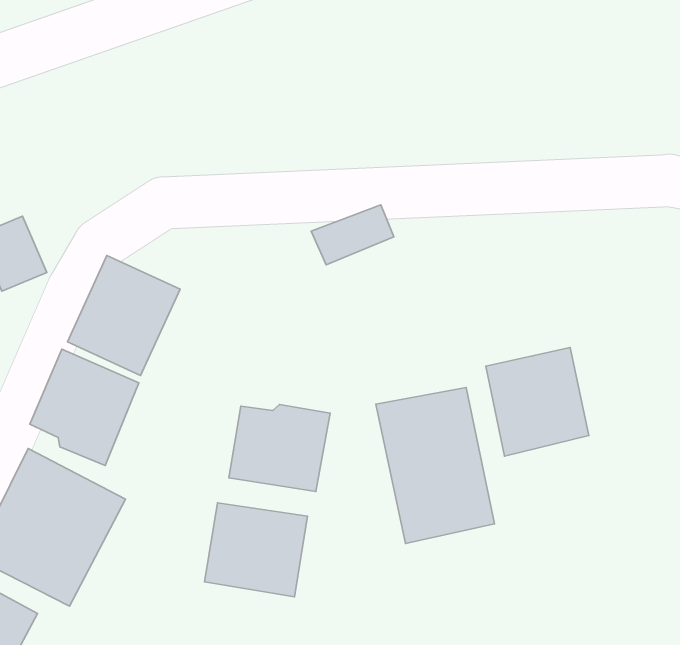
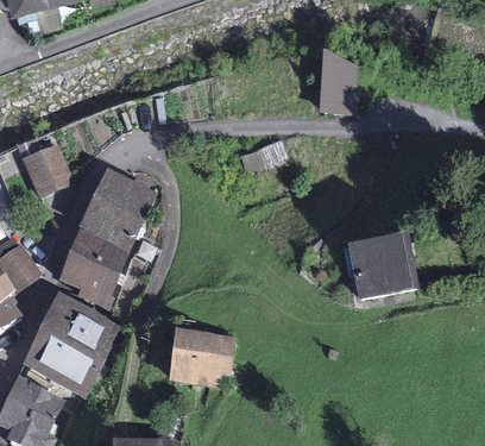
building: none -> [322,71,357,114]
building: [376,387,495,544] -> none
building: [229,404,330,492] -> none

